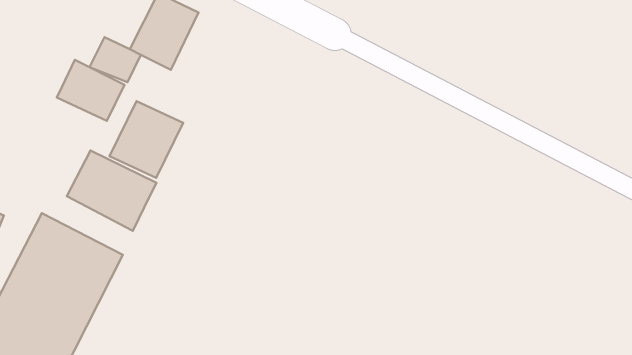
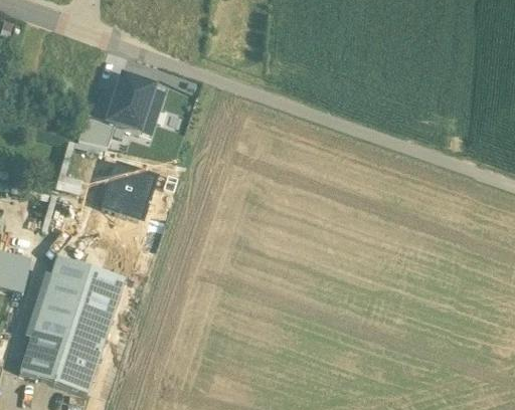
building: [57,60,125,121] -> none
building: [67,150,156,231] -> none

